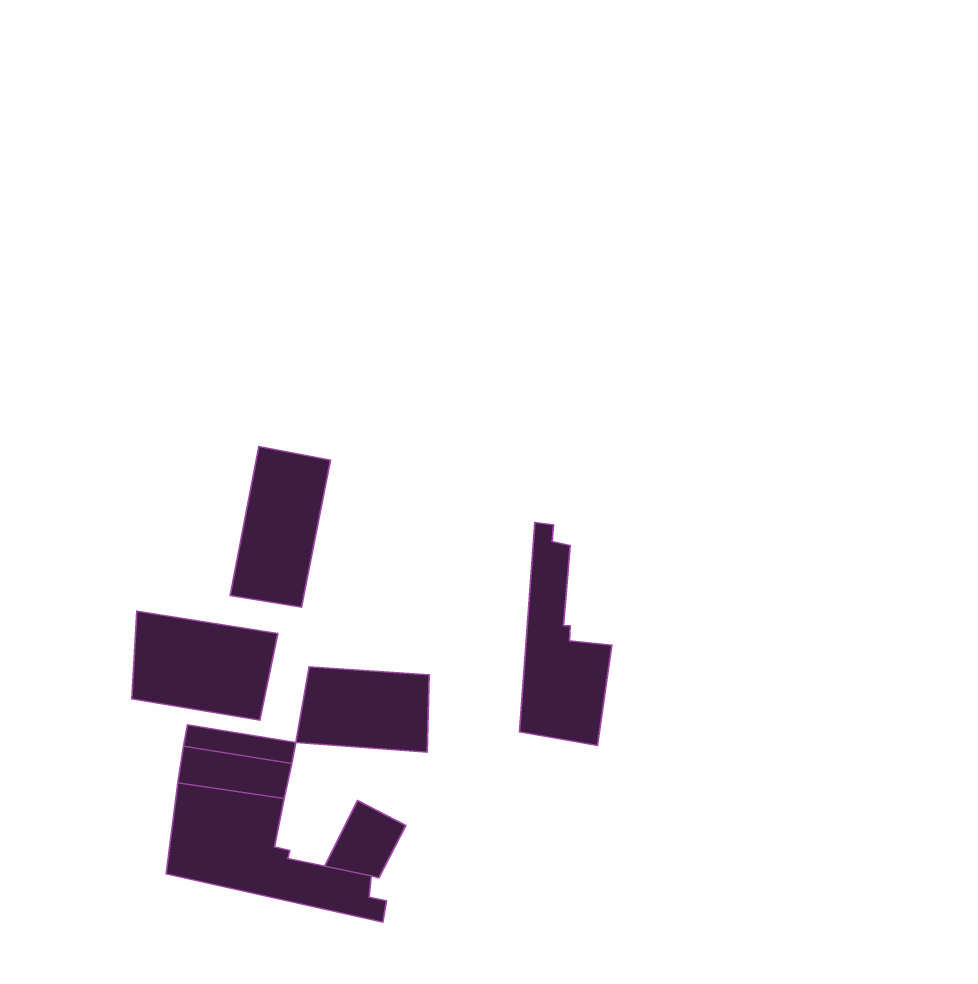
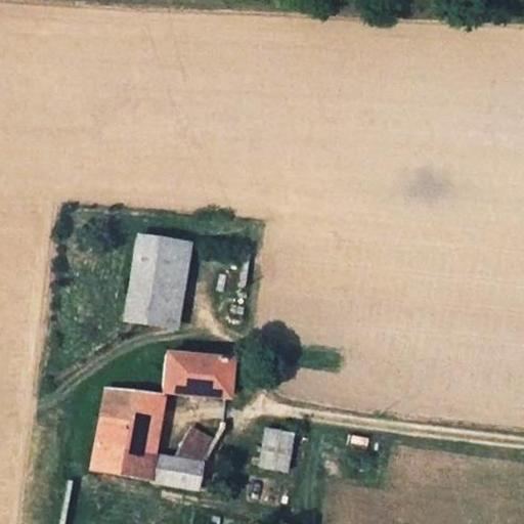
building: [520,523,612,746] -> none
building: [132,611,278,720] -> none
building: none -> [260,431,296,473]

